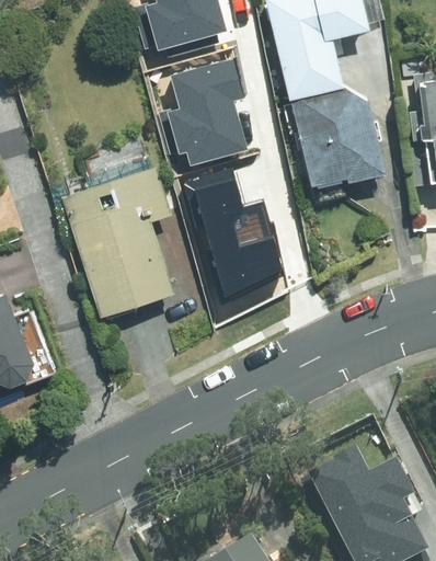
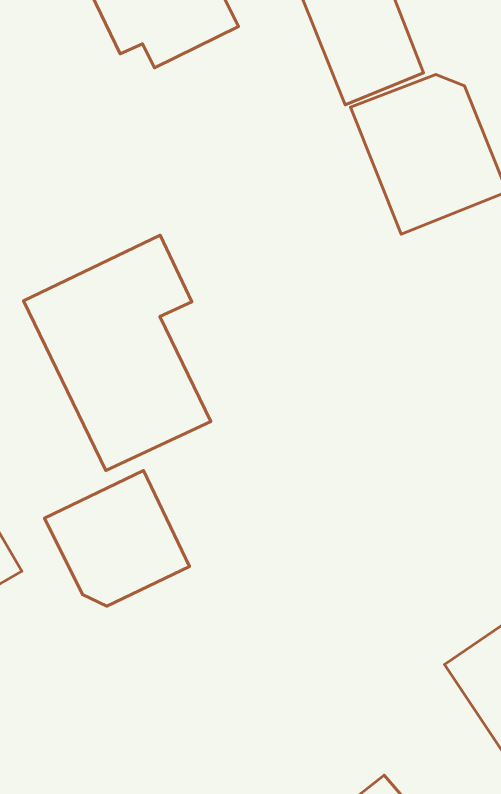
building: [161,60,252,168] -> none
building: [185,170,284,309] -> none
building: none -> [45,470,190,606]

